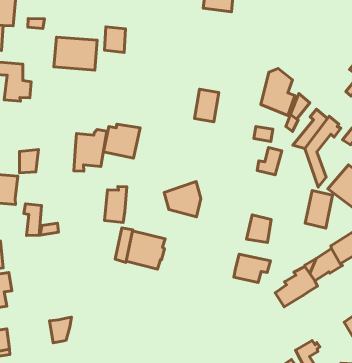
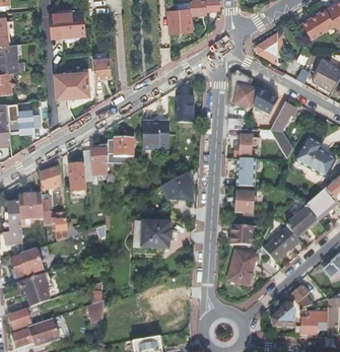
building: none -> [258,33,281,63]
building: none -> [142,122,169,149]
building: [105,186,127,222] -> [69,160,86,191]
building: [305,191,333,228] -> [236,158,255,187]
building: none -> [227,251,256,285]

